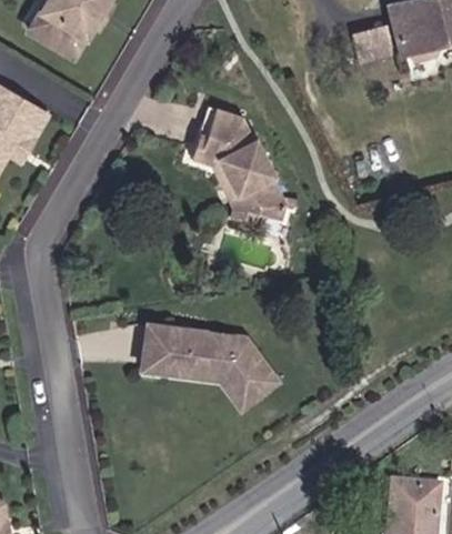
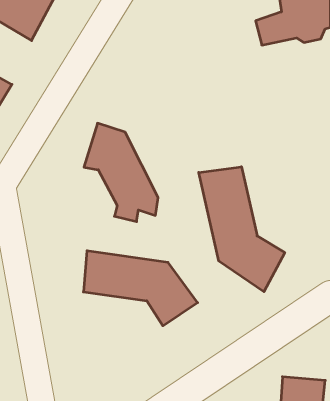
building: [193,108,285,230] -> [84,123,158,222]
building: none -> [199,167,285,292]

